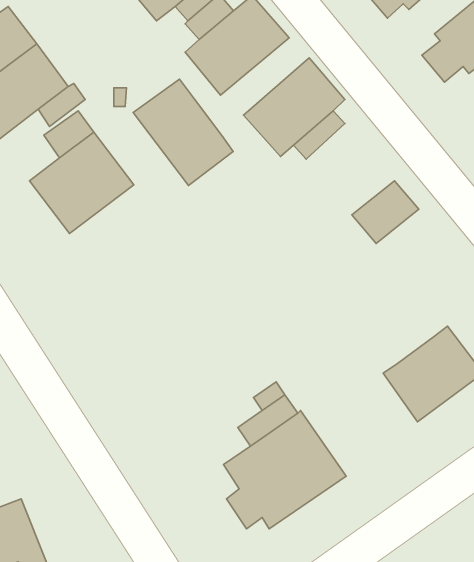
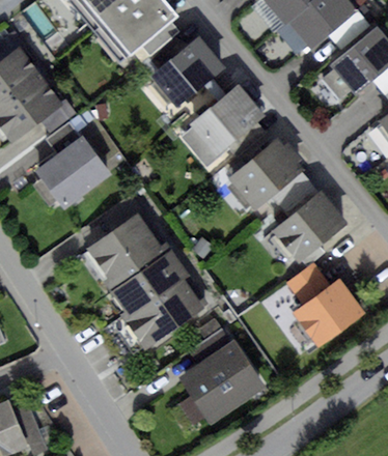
building: [133,79,233,185] -> none
building: none -> [228,139,303,210]
building: none -> [273,191,347,262]
building: none -> [88,215,210,350]
building: none -> [285,263,329,305]

